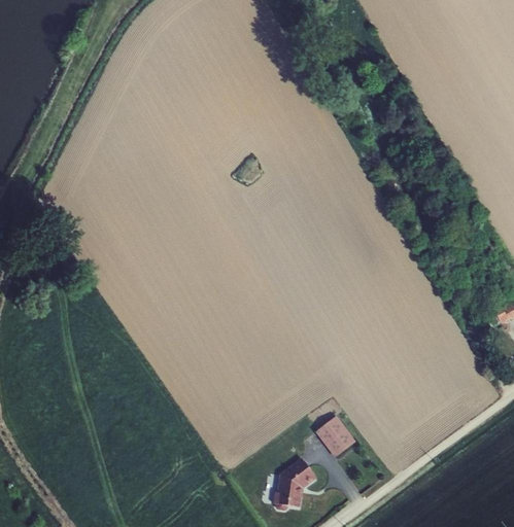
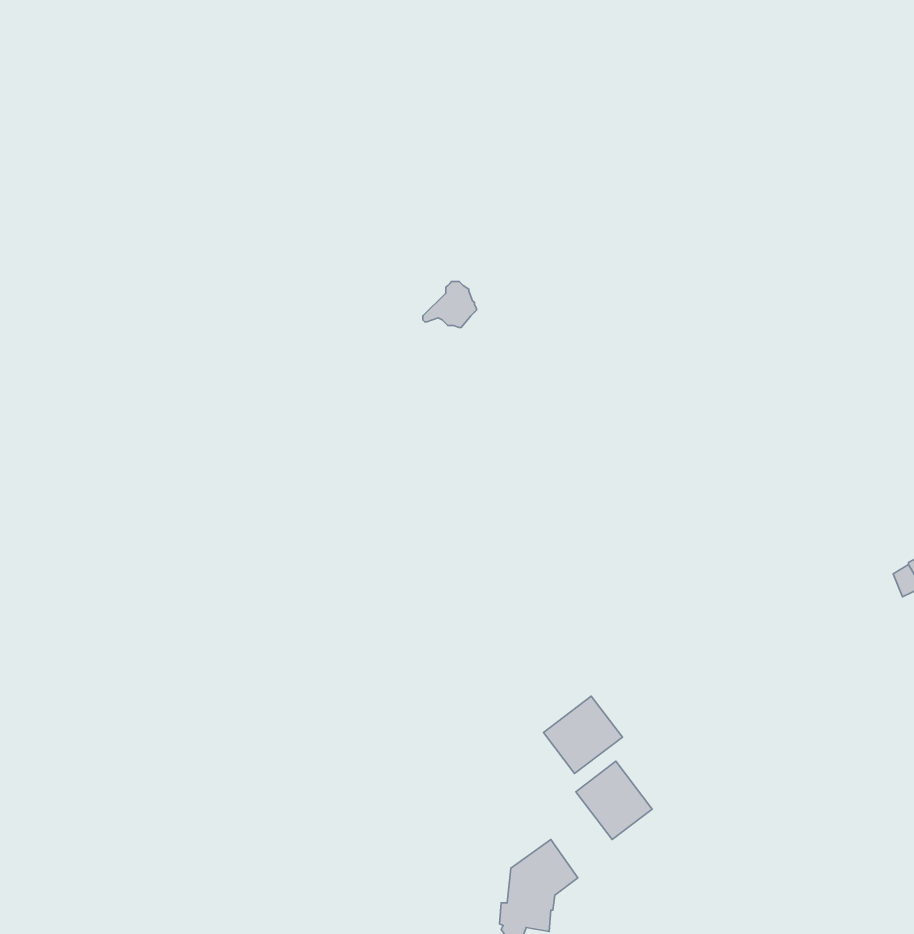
building: none -> [543,696,622,773]

